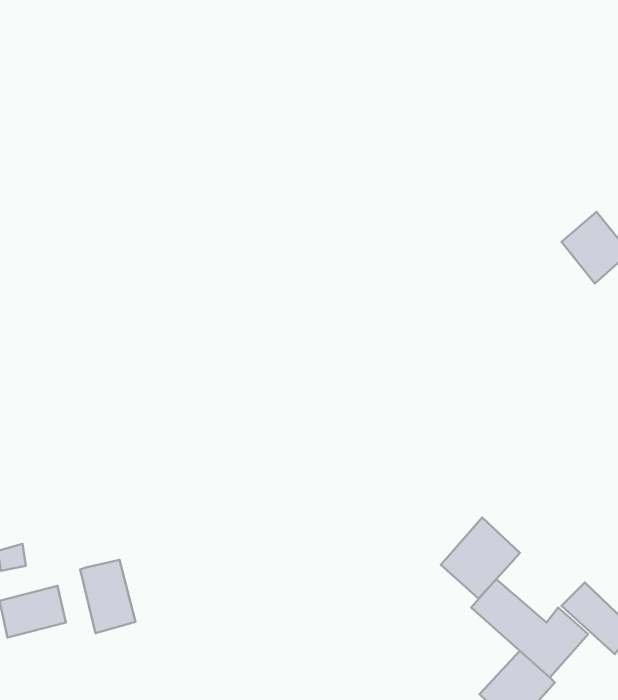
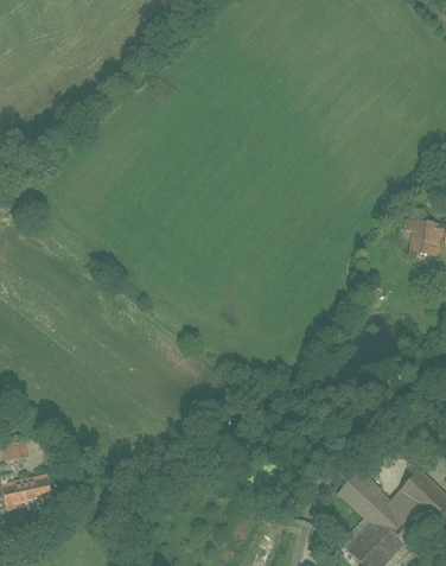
building: [441,517,520,598] -> none
building: [80,560,135,633] -> none

